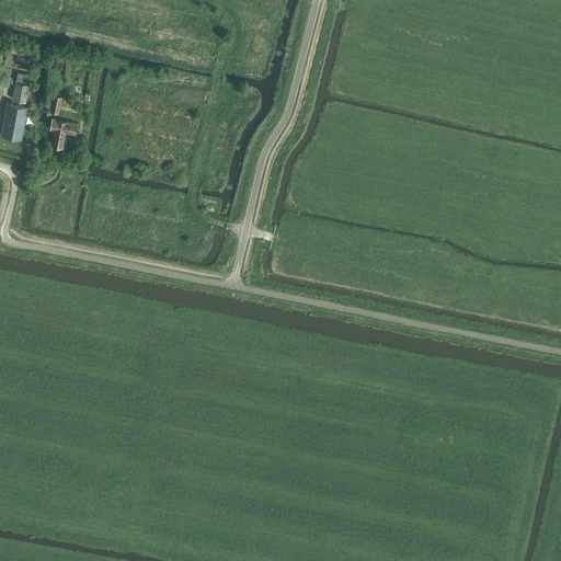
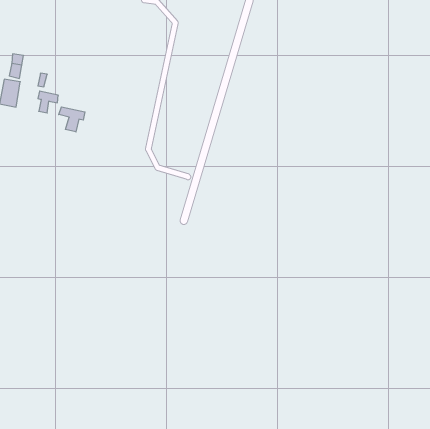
building: none -> [59,107,85,132]

